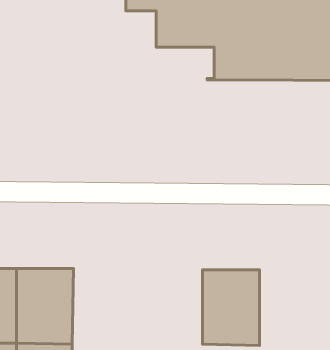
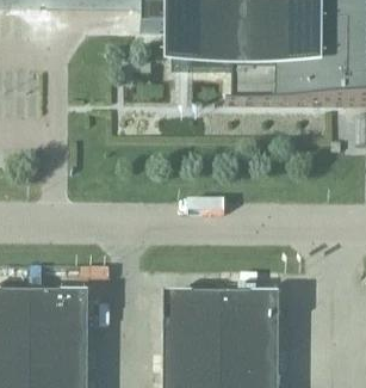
building: none -> [165,294,222,370]

